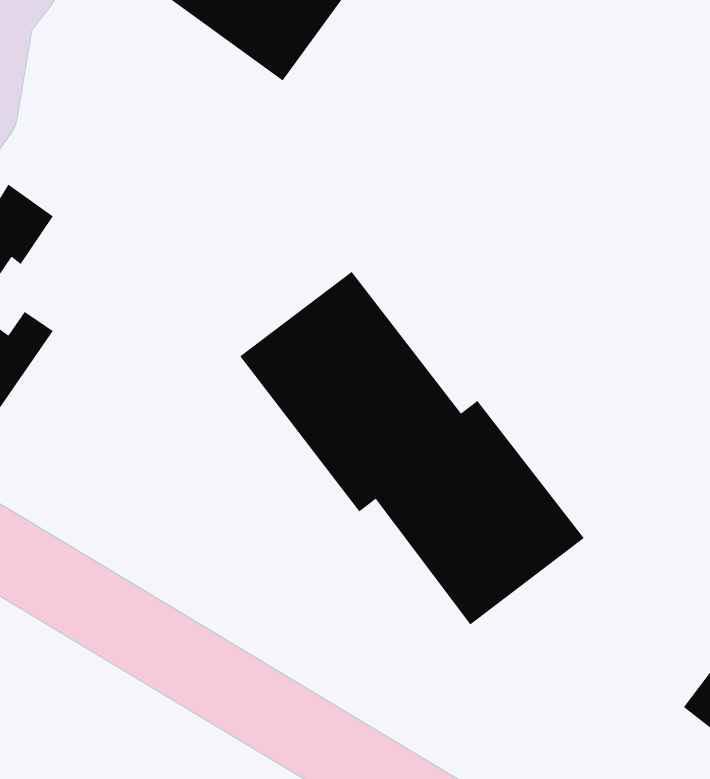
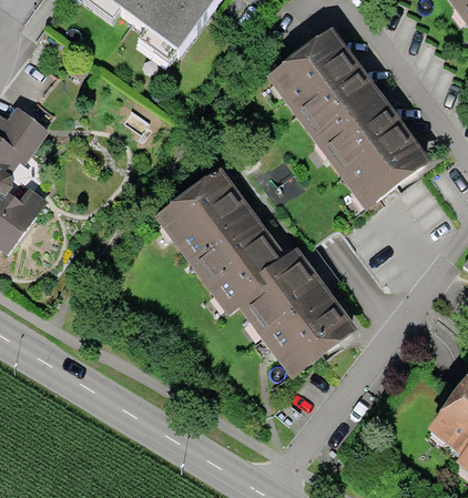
building: none -> [267,29,431,207]

